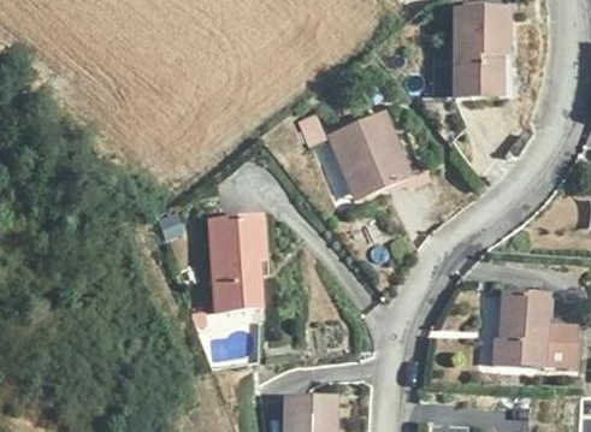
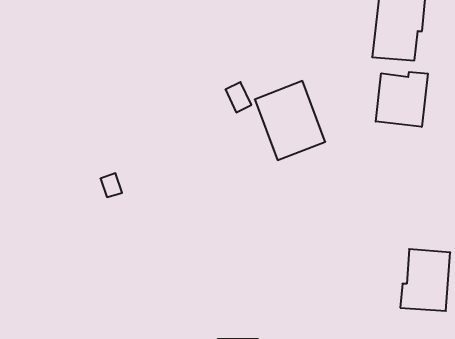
building: none -> [376,72,428,127]
building: [207,215,261,315] -> none

